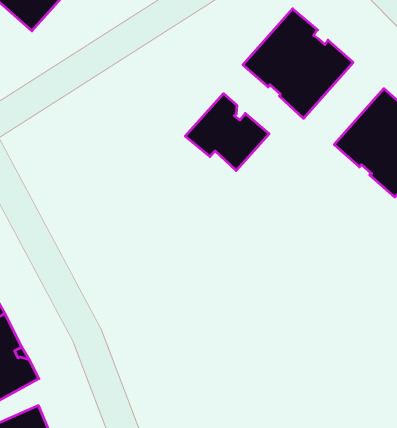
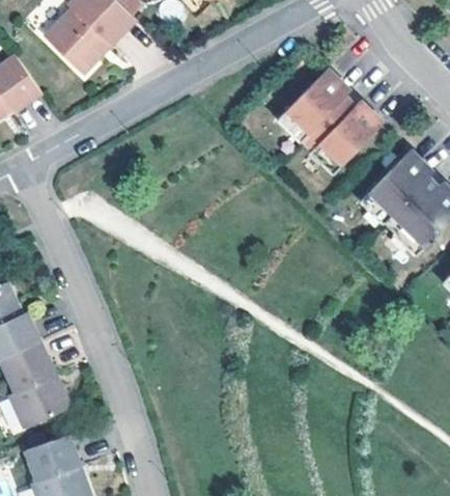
building: [185,94,269,171] -> none

